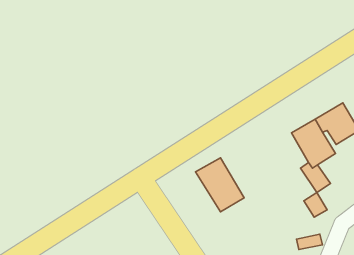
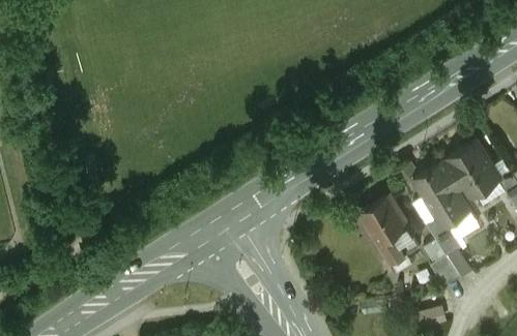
building: [195,158,244,212] -> [356,195,419,264]

